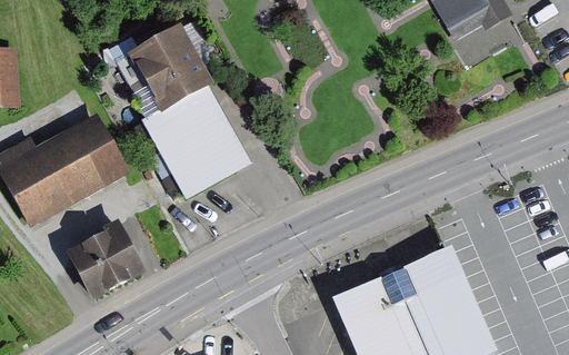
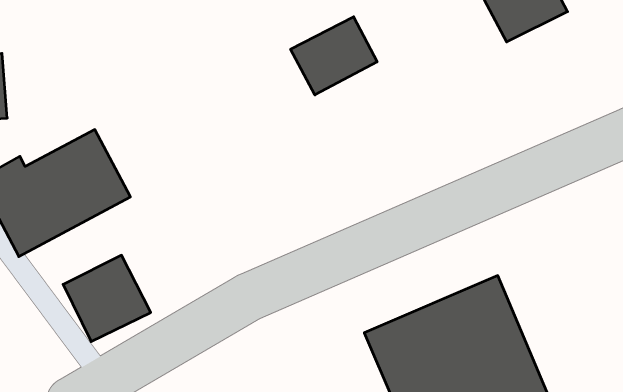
building: none -> [291,17,377,95]
building: [131,28,251,200] -> none

